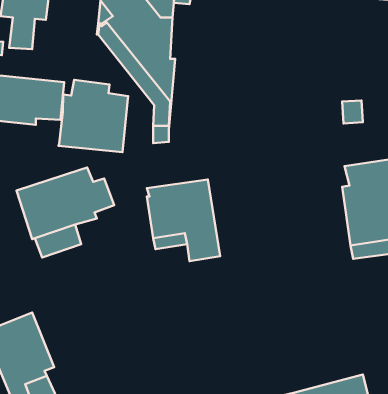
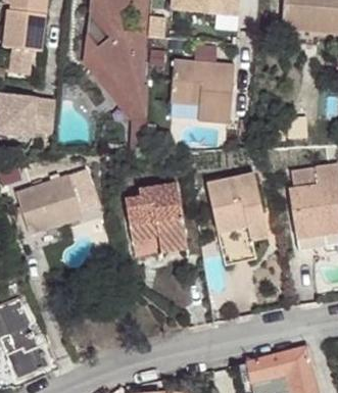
building: none -> [170,58,234,121]
building: [58,80,128,152] -> none
building: none -> [205,171,268,264]

